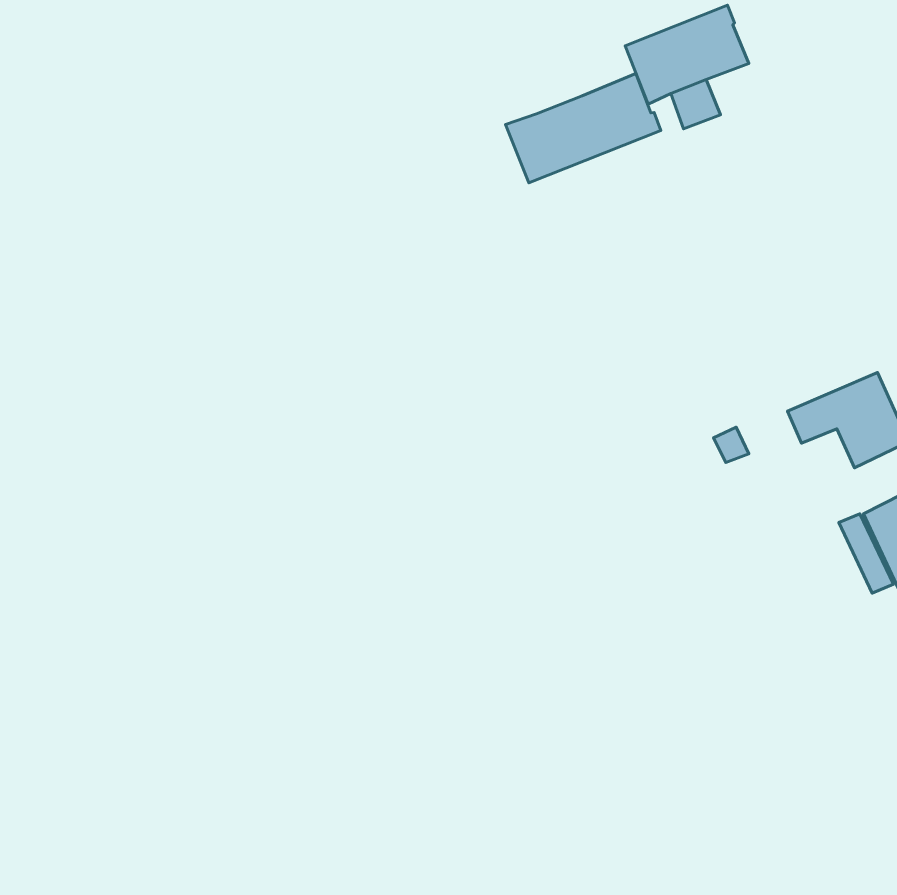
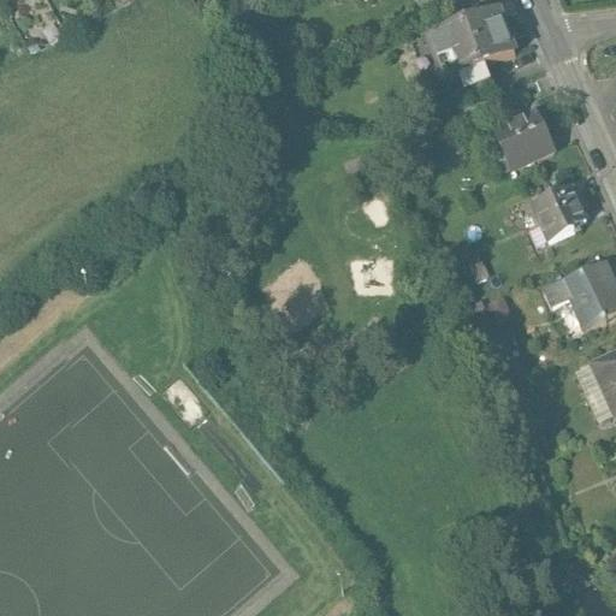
building: [506,74,661,183] -> none
building: none -> [494,105,555,162]
building: none -> [533,182,587,236]

